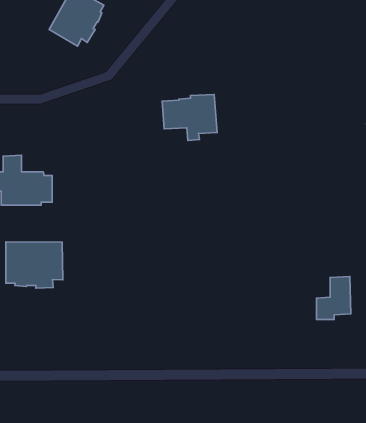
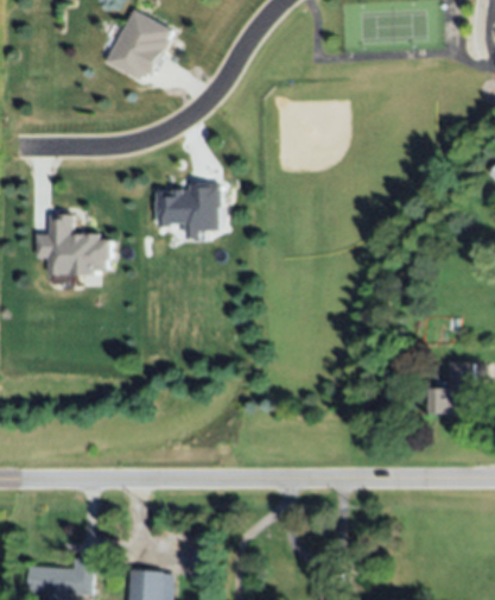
building: [162,94,217,140] -> [154,184,221,240]
building: [6,242,63,288] -> none

